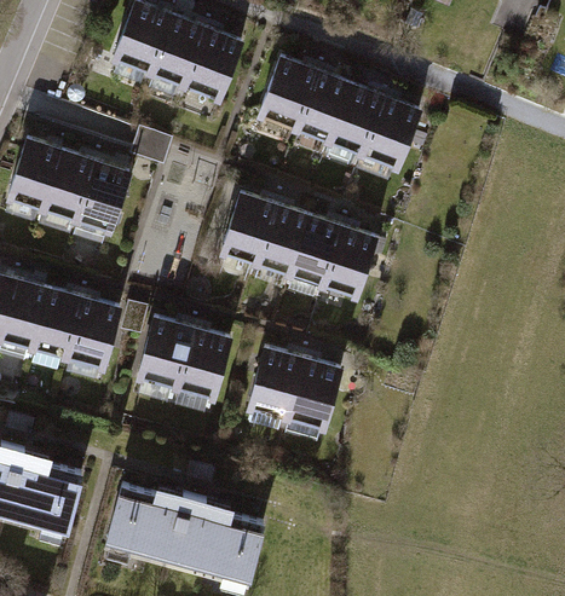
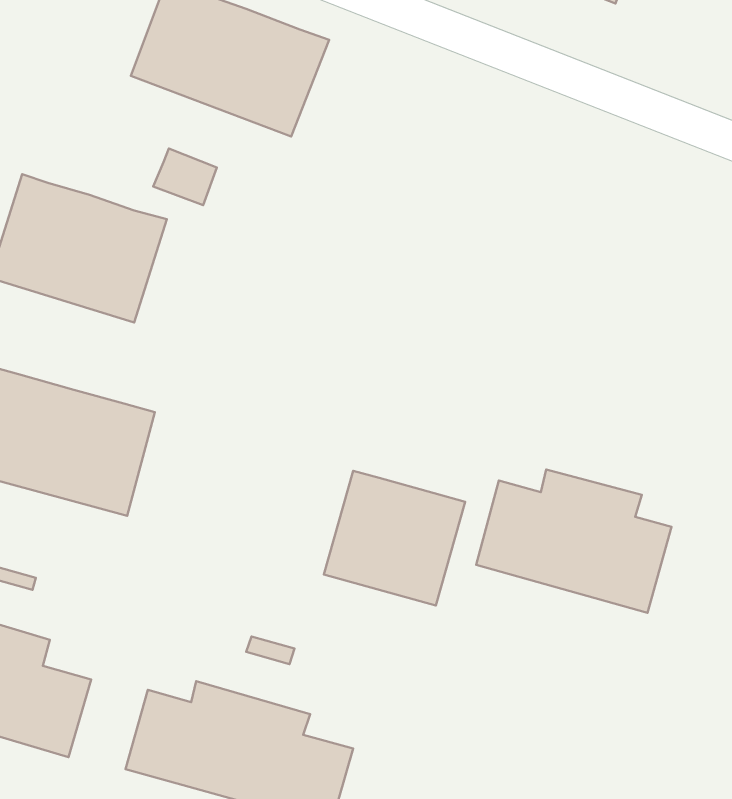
building: [250,56,422,180] -> none
building: [219,184,379,300] -> none
building: [134,312,234,406] -> none
building: none -> [476,469,671,613]

